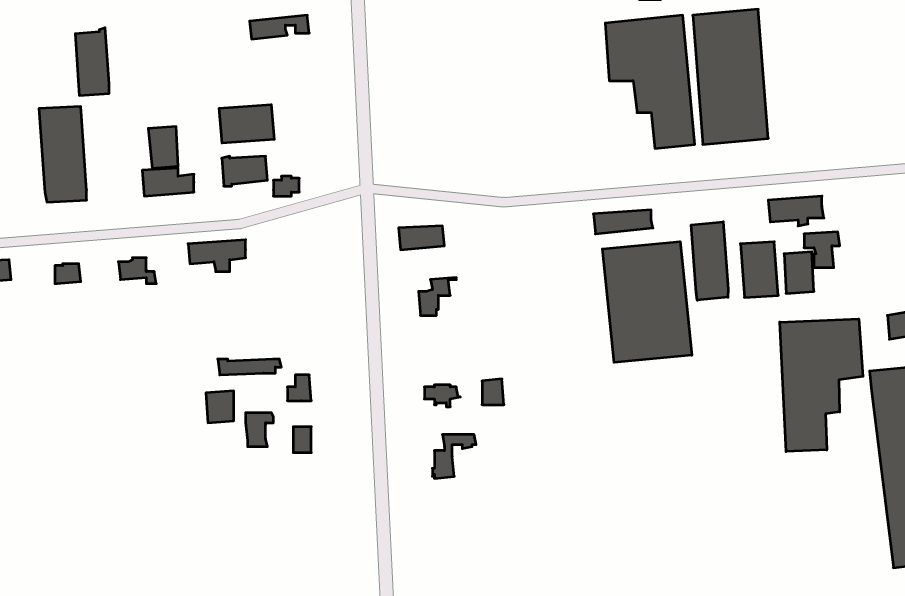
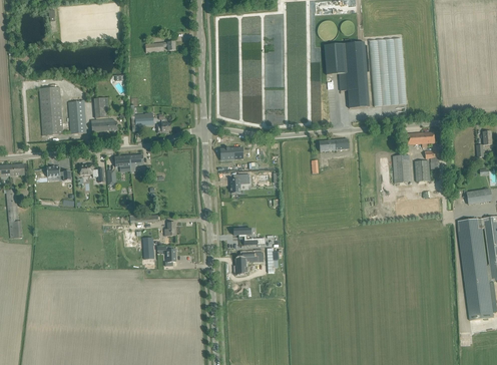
building: [75,28,109,95] -> [69,98,86,132]
building: [219,105,274,143] -> none
building: [691,222,728,300] -> none
building: [602,242,692,362] -> none
building: [780,319,863,452] -> none

